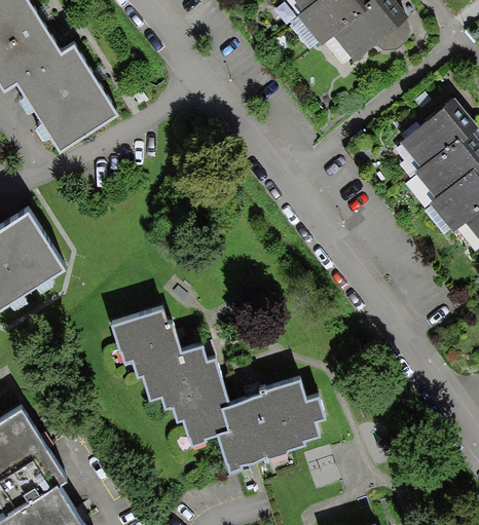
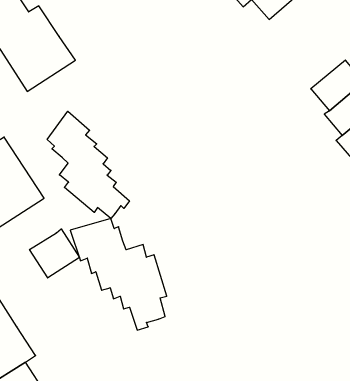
building: none -> [47,111,129,218]
building: none -> [30,229,79,278]
building: [218,376,324,468] -> none

